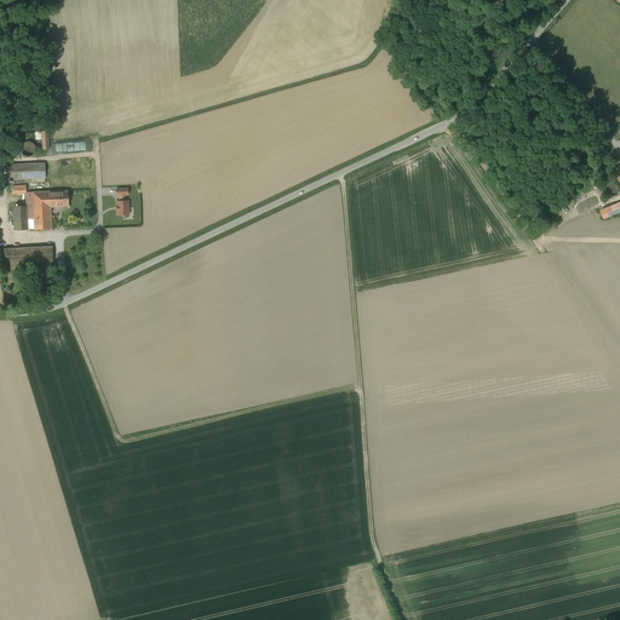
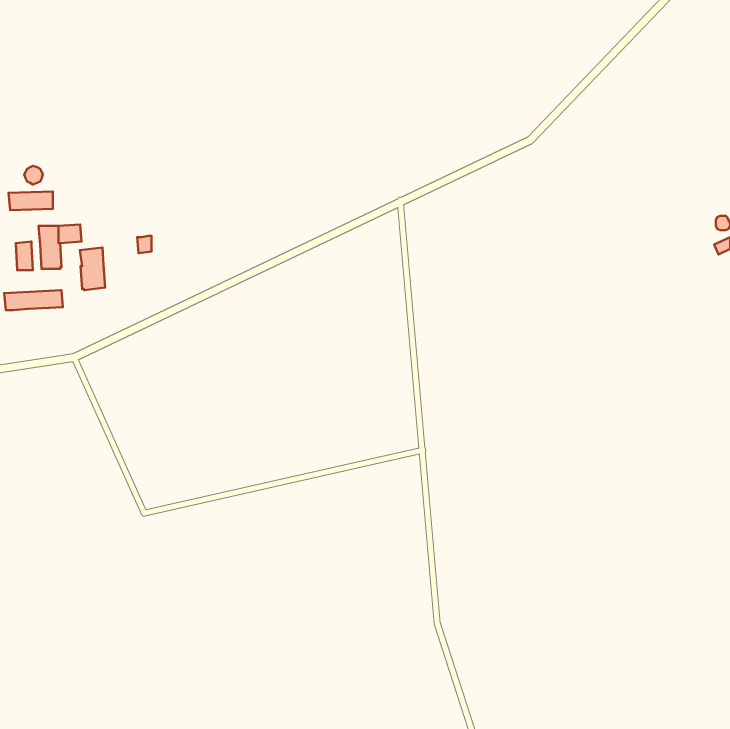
building: none -> [80,247,105,290]

